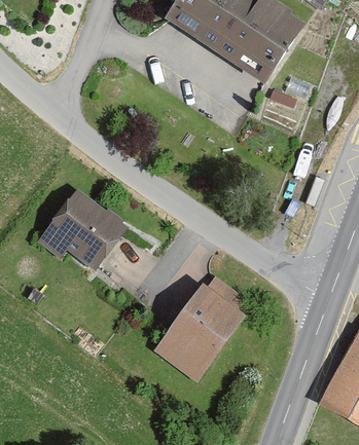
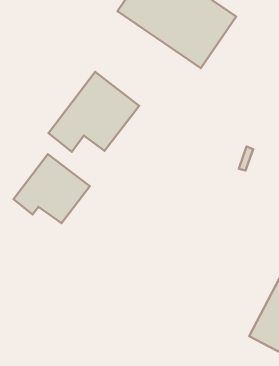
building: none -> [48,72,139,152]
building: [151,284,243,394] -> none

